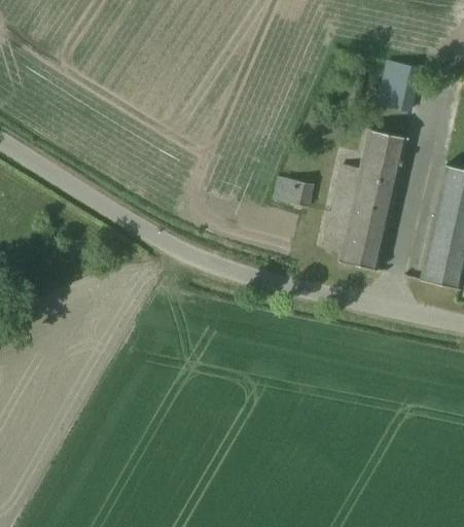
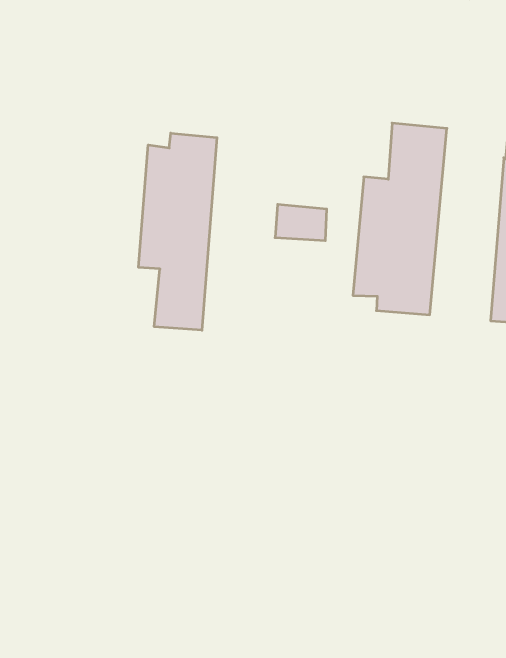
building: [377,57,420,109] -> none
building: none -> [139,133,217,330]

